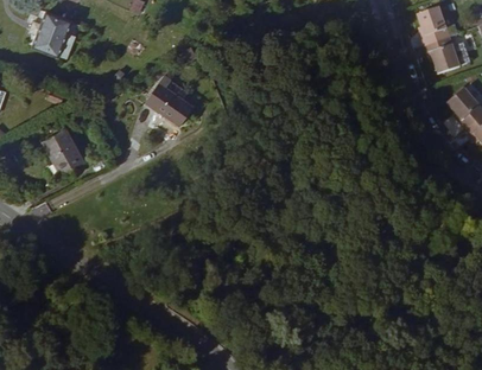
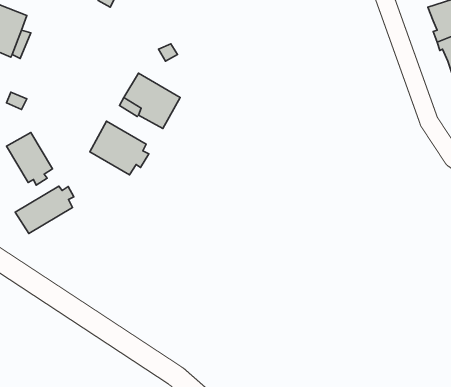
building: none -> [90,121,149,175]
building: none -> [15,186,74,234]

